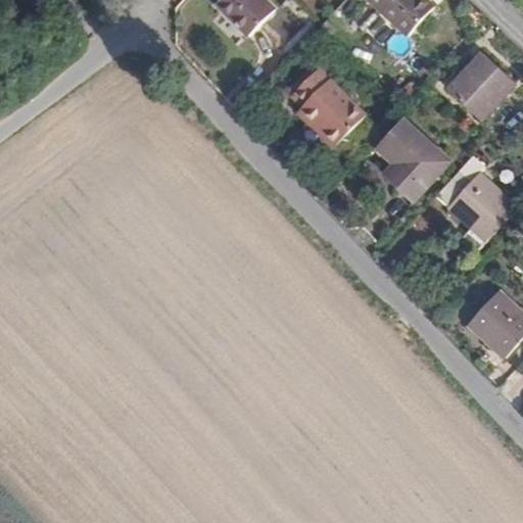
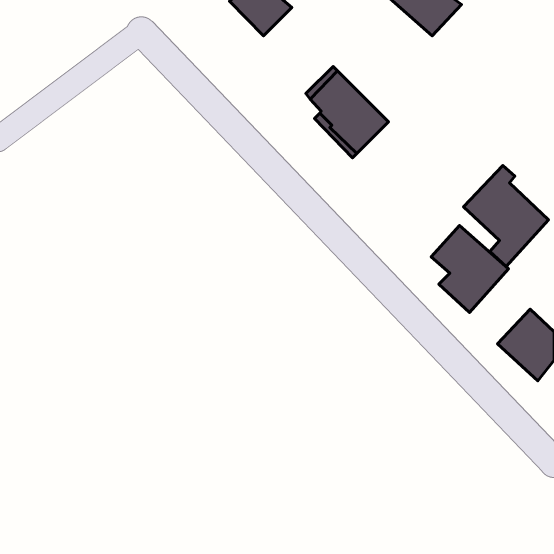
building: [446,51,515,120] -> none
building: [376,118,448,200] -> [431,225,509,312]

